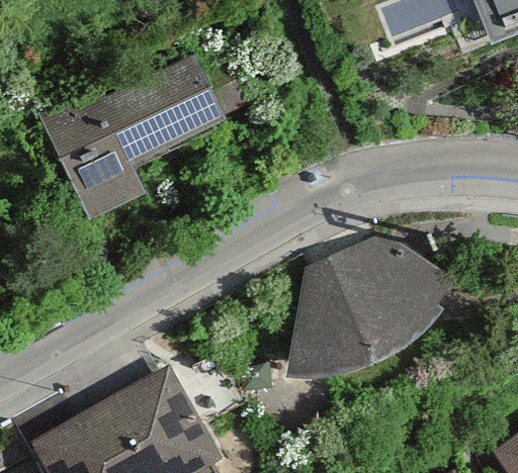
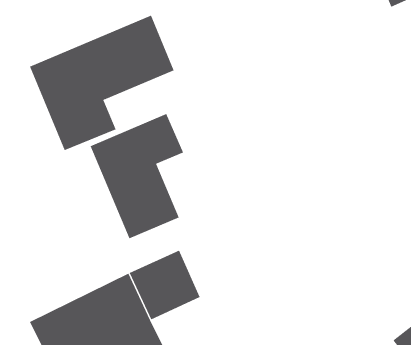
building: none -> [90,113,184,239]
building: [289,228,464,368] -> none

